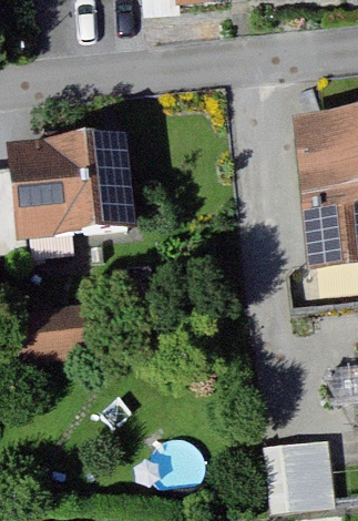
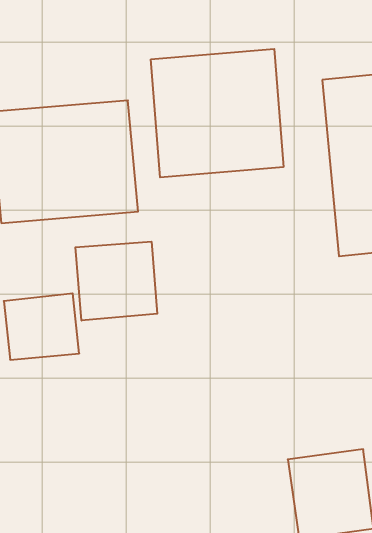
building: none -> [151,49,283,177]
building: none -> [75,242,157,321]

